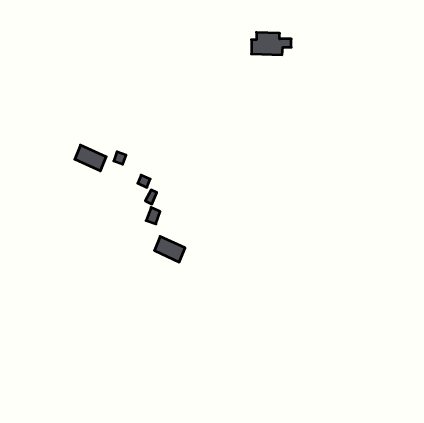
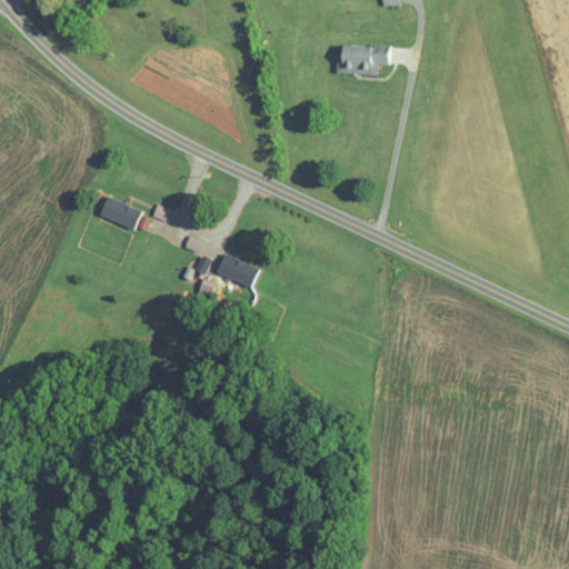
building: [154,236,185,262] -> [218,253,259,288]

